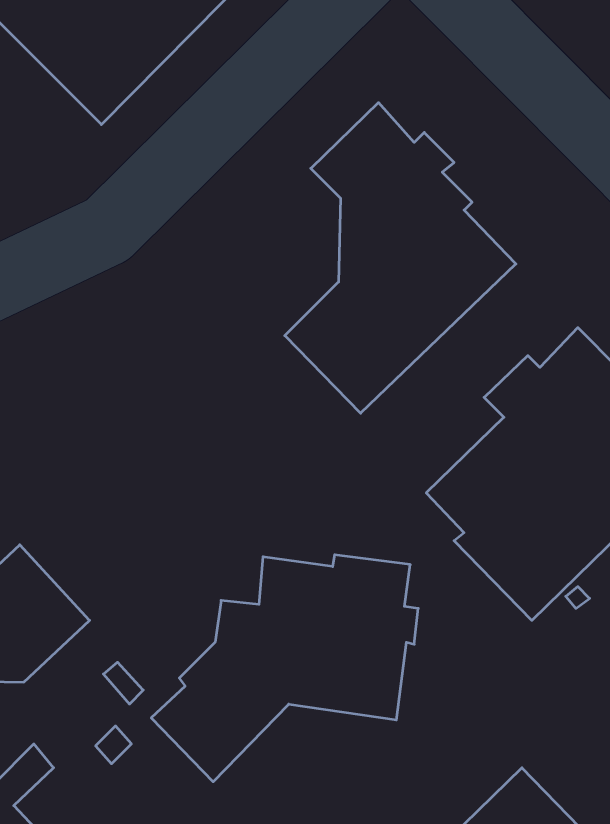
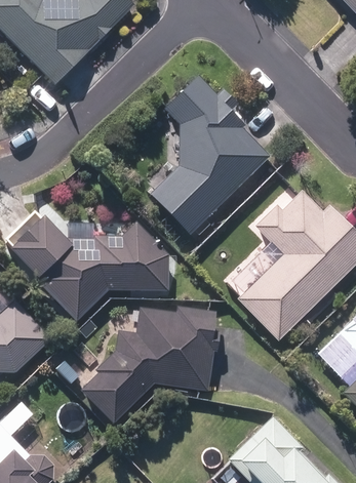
building: none -> [9,215,168,322]

